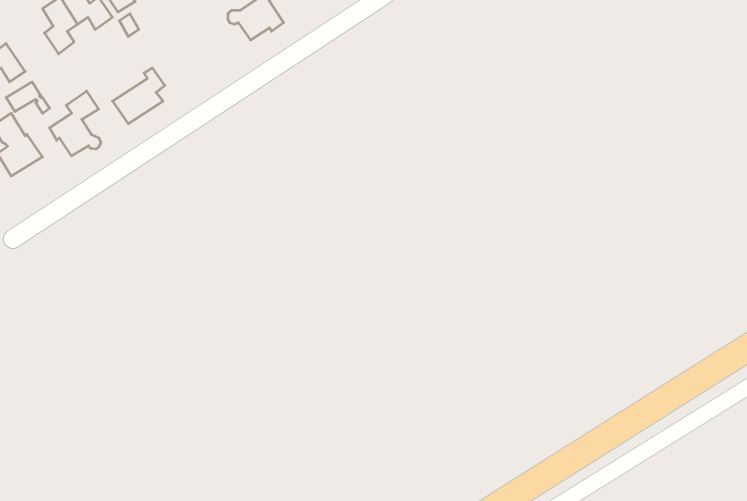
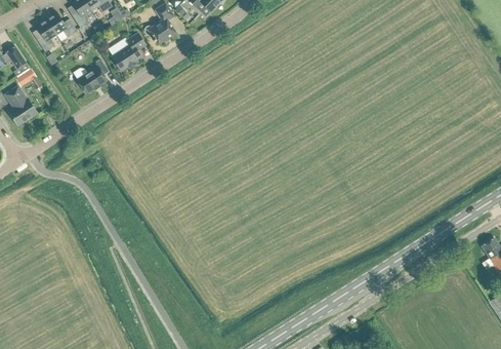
building: none -> [112,33,147,71]
building: [49,91,101,156] -> none

